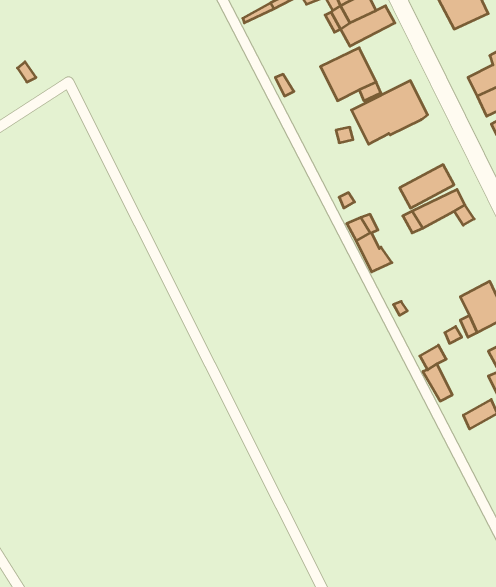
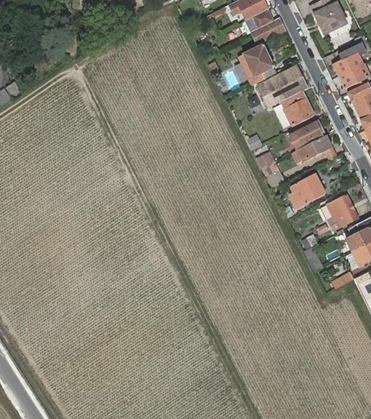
building: none -> [283,90,315,125]
building: none -> [291,173,326,209]

